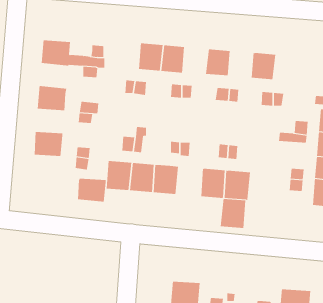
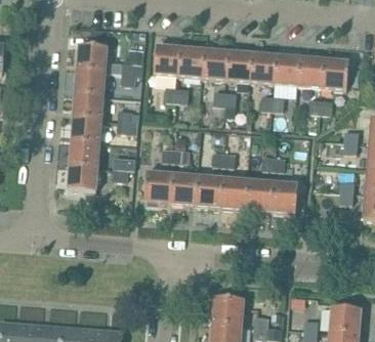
building: none -> [153,46,180,76]
building: none -> [225,52,252,81]
building: none -> [274,56,299,85]
building: none -> [321,60,348,89]
building: none -> [74,70,106,96]
building: none -> [70,118,101,143]
building: [77,178,106,202] -> [67,166,97,191]
building: [220,198,246,228] -> [218,178,246,210]

